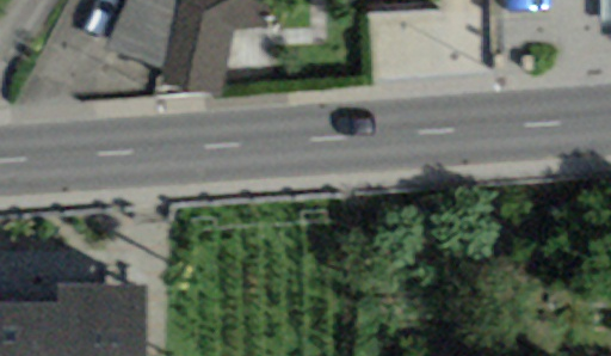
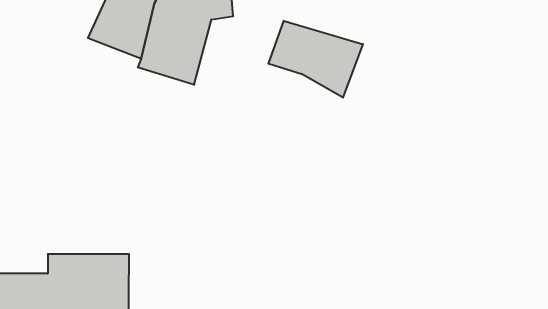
building: none -> [268,21,363,98]

